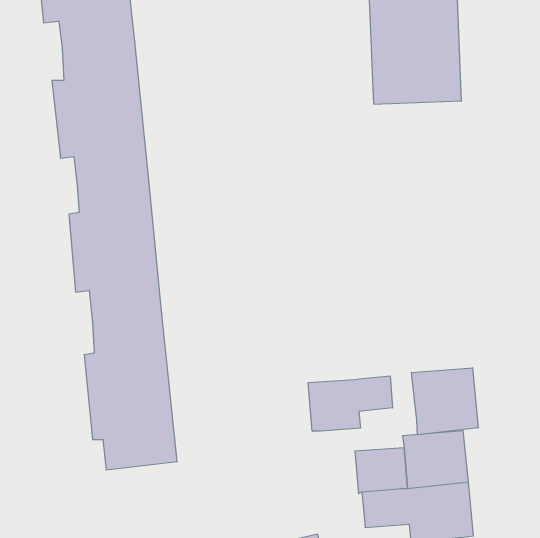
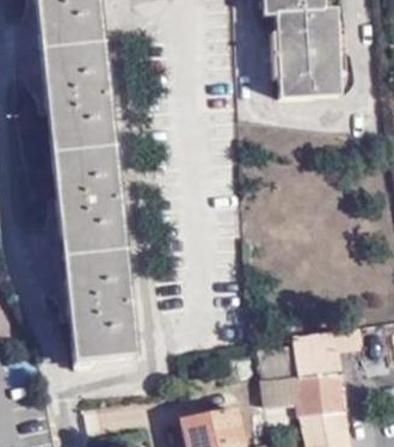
building: [412,368,478,435] -> none
building: [308,376,393,431] -> none

